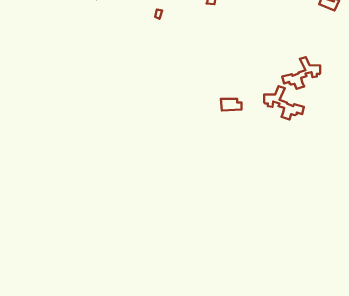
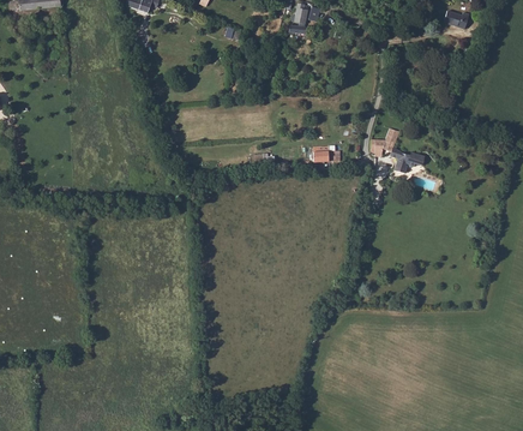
building: [282,57,320,89] -> none

